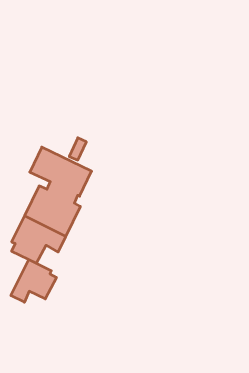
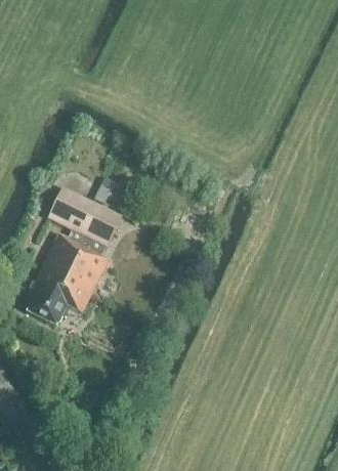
building: [11,260,56,302] -> none

